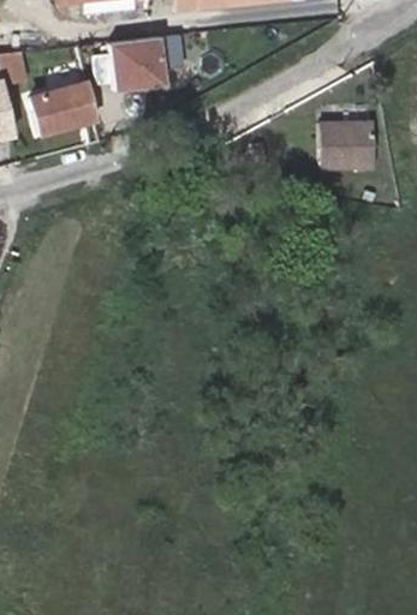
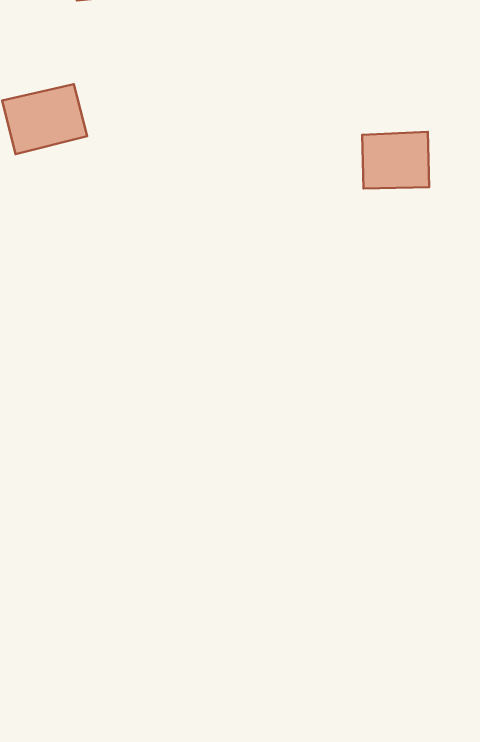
building: [111,36,167,90] -> none

